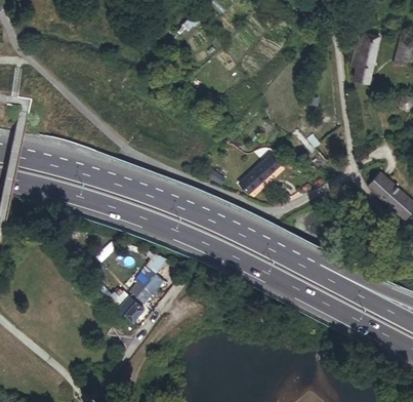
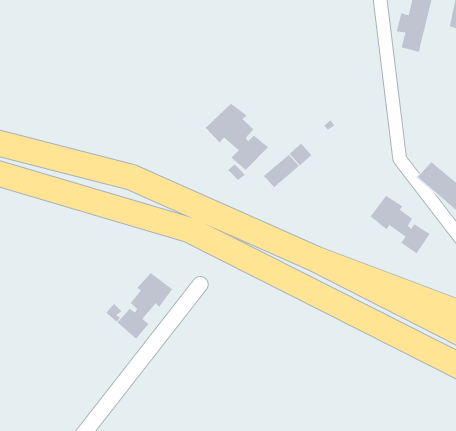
building: none -> [205,103,269,171]
building: none -> [370,195,431,254]

